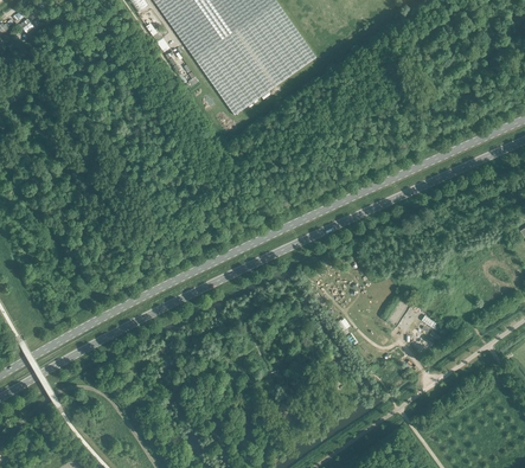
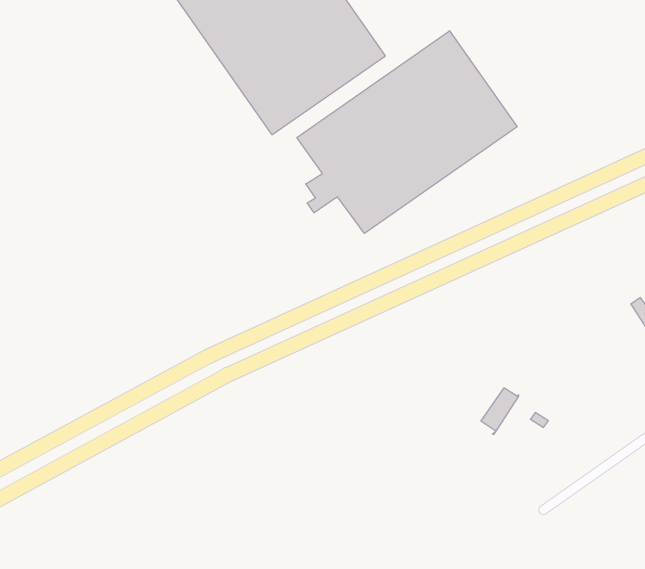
building: none -> [297,31,517,233]

